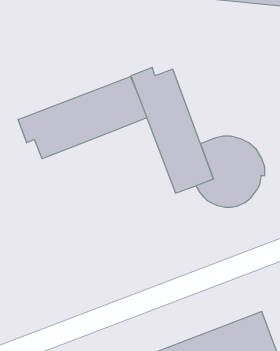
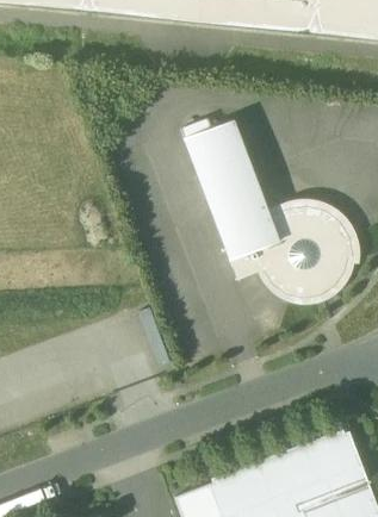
building: [18,76,147,159] -> none

